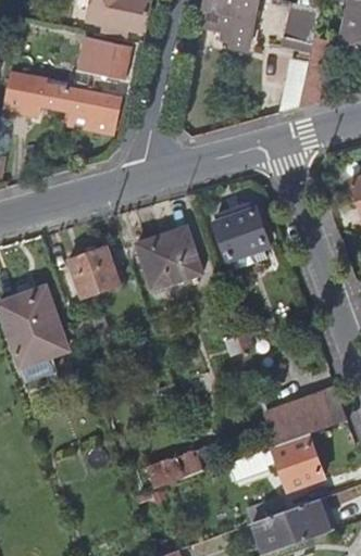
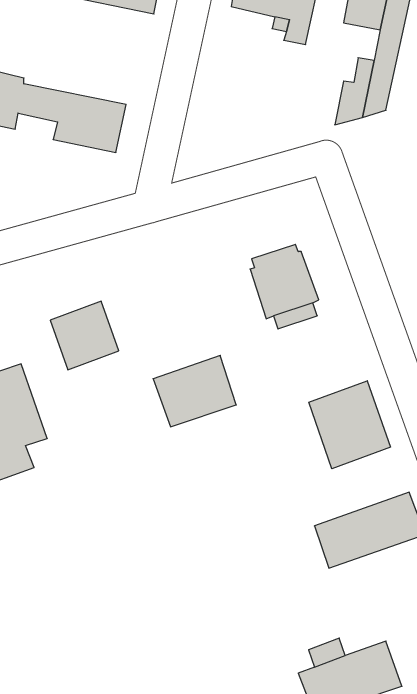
building: [66,35,132,88] -> none
building: [134,225,196,278] -> [153,355,236,427]
building: none -> [309,381,390,469]
building: [272,434,323,489] -> none
building: [148,448,202,485] -> none

